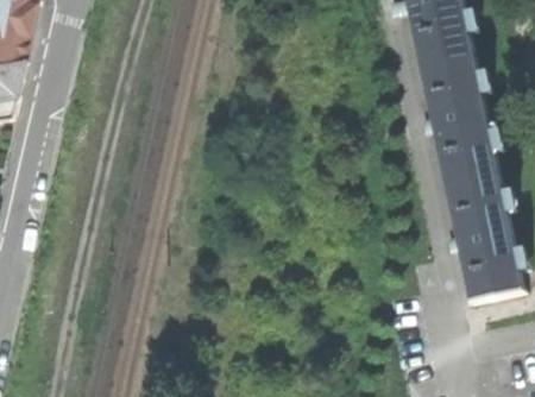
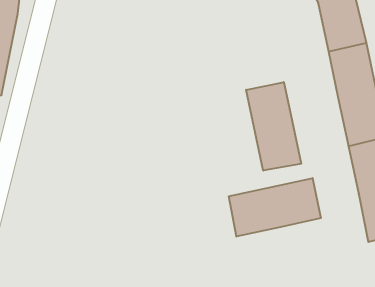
building: none -> [246,82,301,171]
building: none -> [229,178,321,237]

